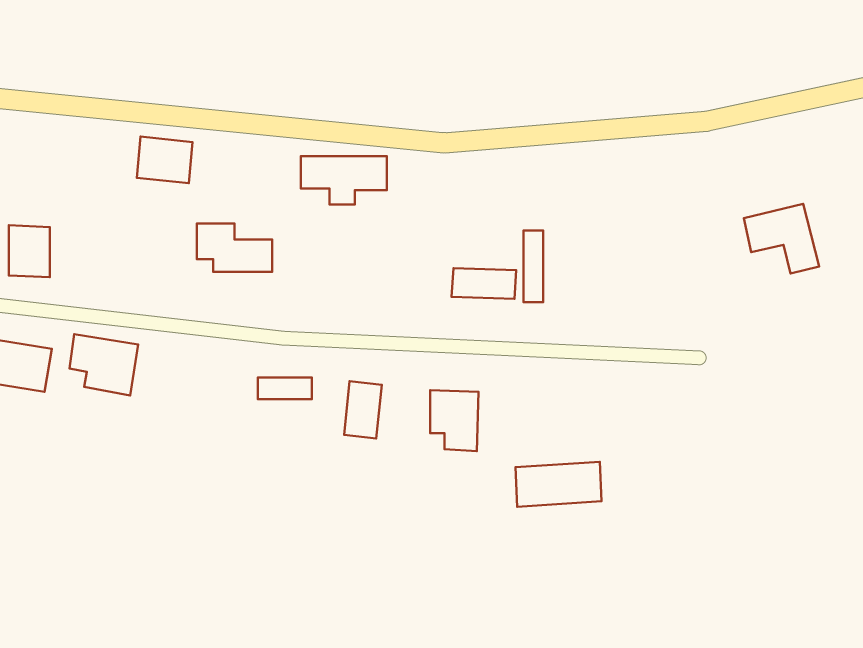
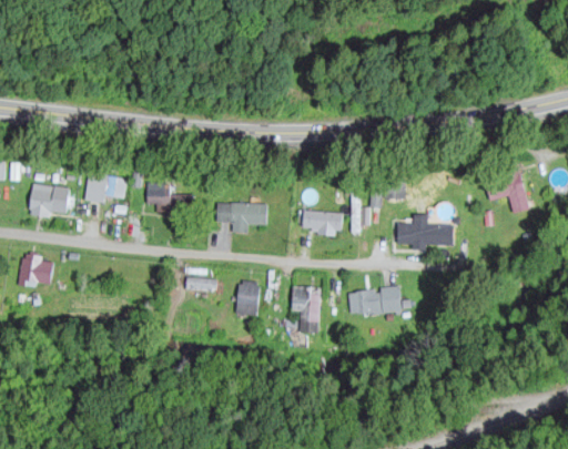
building: [137,137,192,183] -> [84,173,119,202]
building: [301,156,387,205] -> [215,203,268,233]
building: none -> [399,223,457,251]
building: [70,334,138,396] -> none
building: [515,462,602,507] -> [348,287,402,315]

